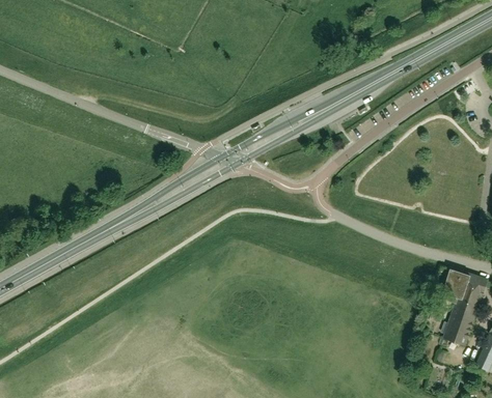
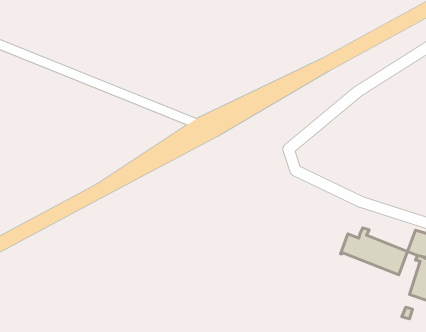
building: none -> [340,228,408,275]

